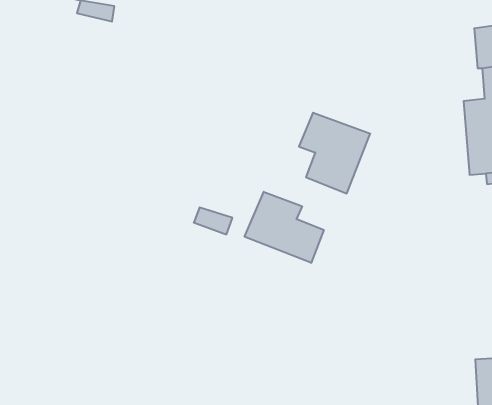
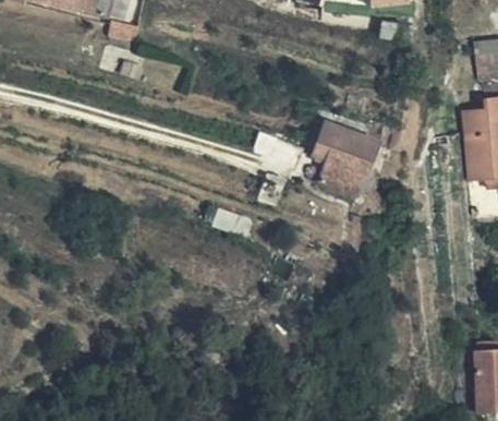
building: [245,192,324,263] -> none

